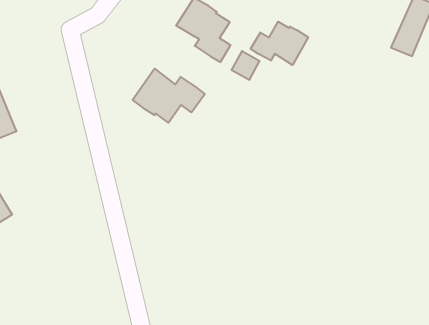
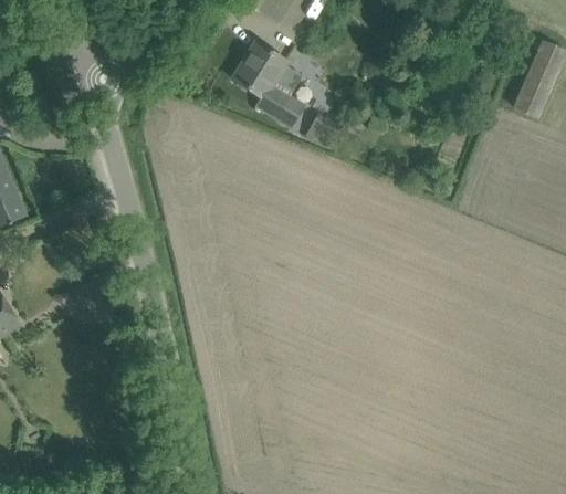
building: [251,22,308,65] -> none
building: [133,69,205,123] -> none

